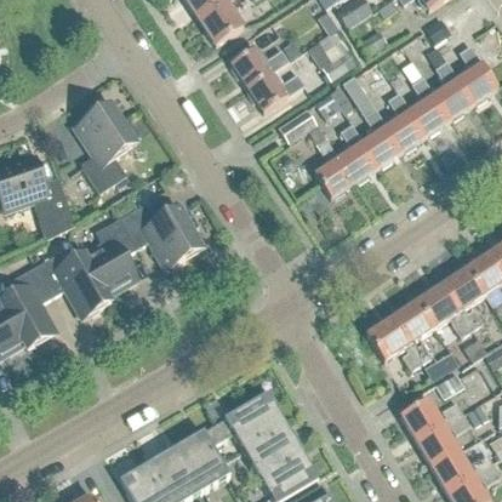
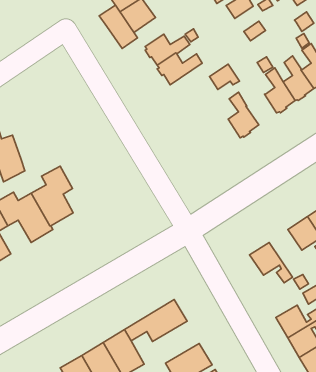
building: none -> [99,5,138,49]
building: [319,32,355,79] -> none
building: [343,75,401,164] -> none
building: [75,103,139,190] -> none
building: [279,109,354,196] -> none
building: [120,201,202,268] -> none
building: [392,300,434,361] -> none
building: [240,418,301,473] -> none

